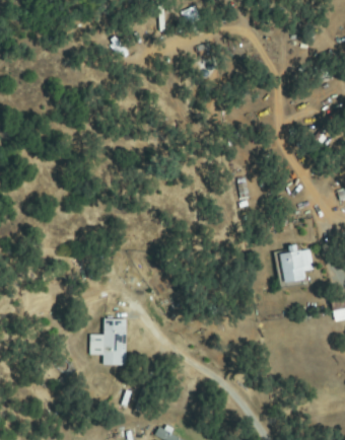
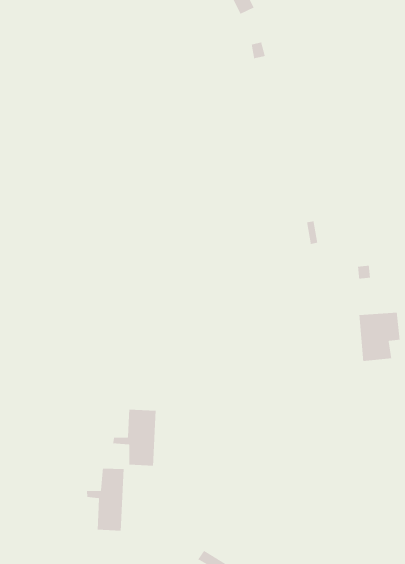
building: none -> [86,468,124,531]

